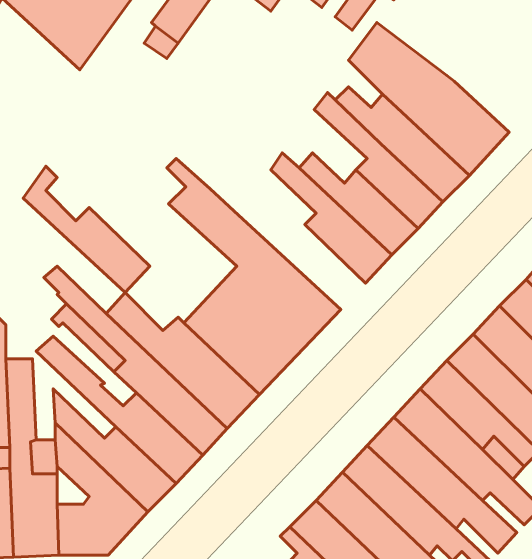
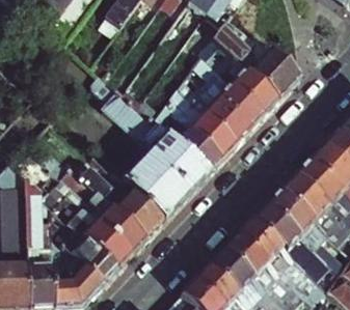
building: [23,166,150,293] -> [154,102,223,171]

